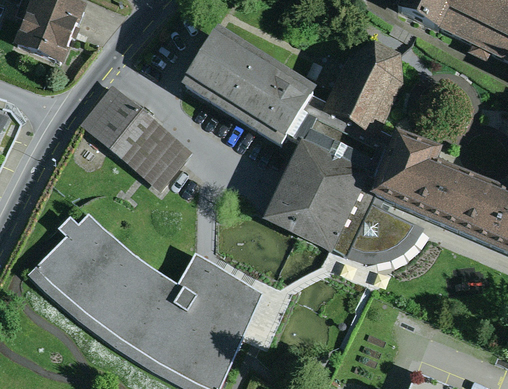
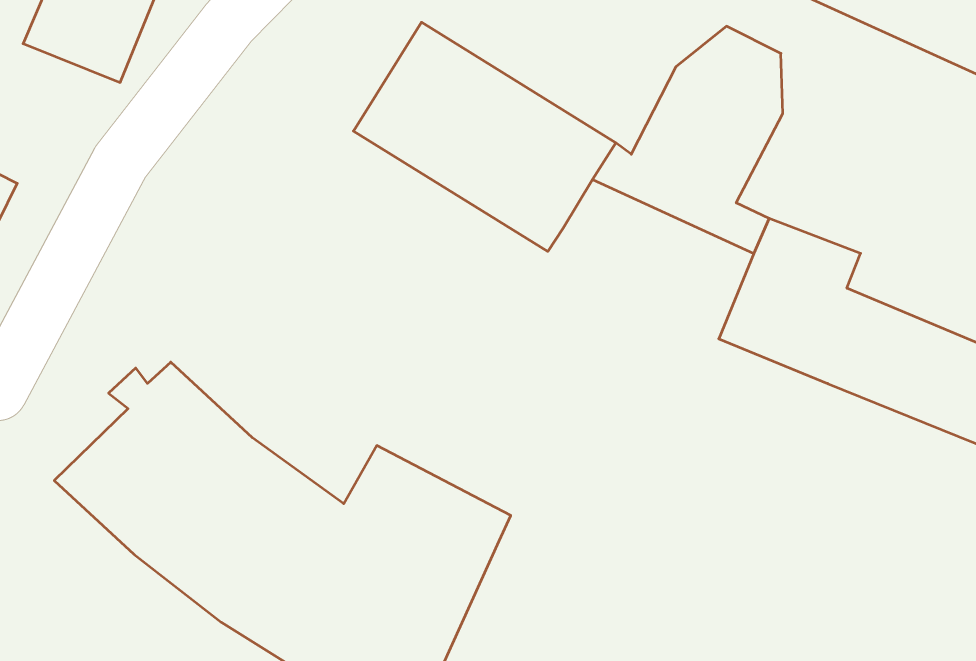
building: [80,82,194,188] -> none
building: [263,116,427,261] -> none

